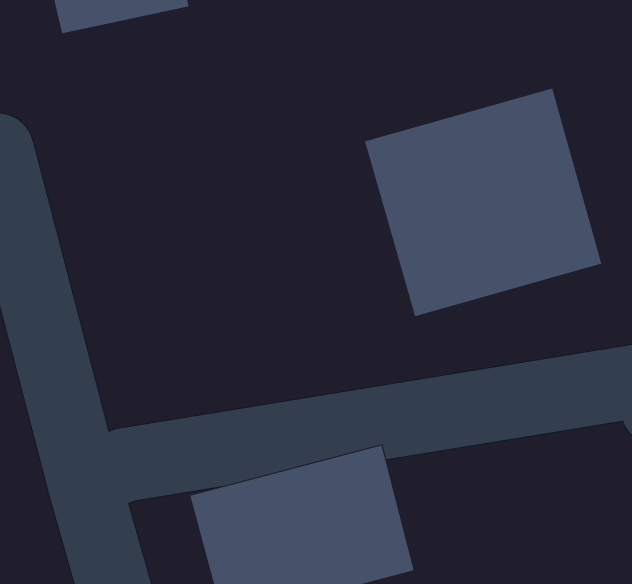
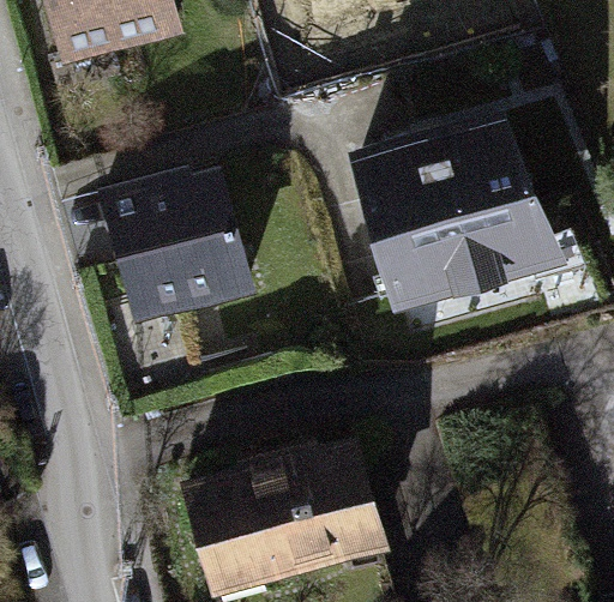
building: none -> [106,164,249,315]

